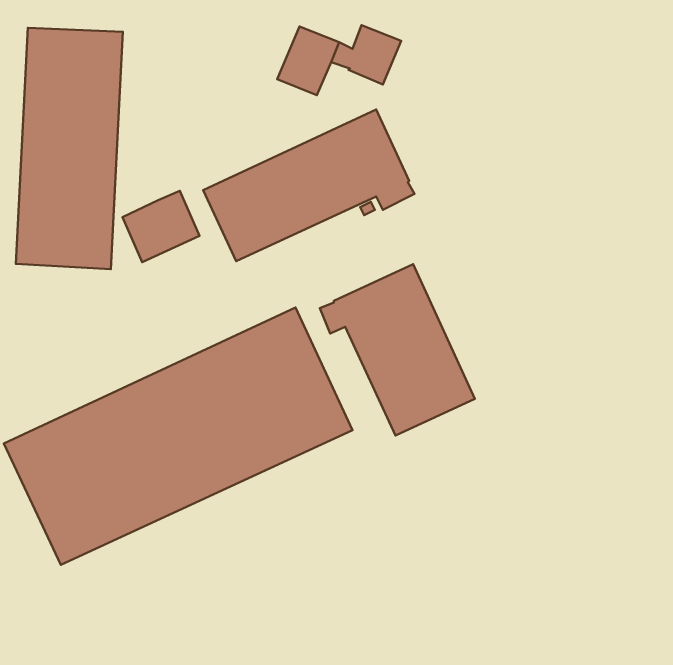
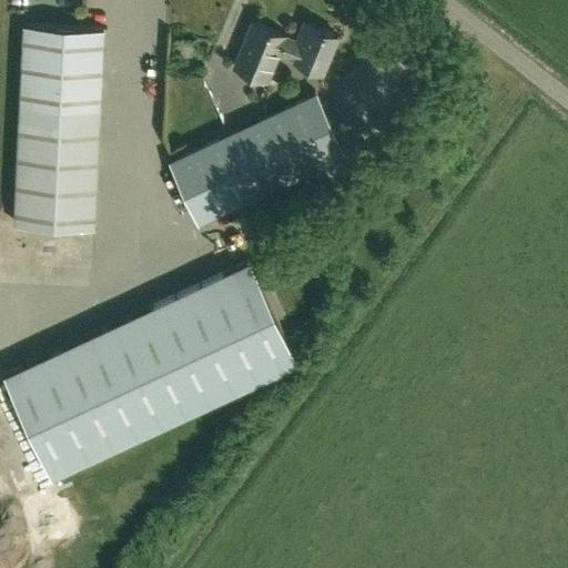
building: [122,191,199,262] -> none
building: [320,264,475,436] -> none

